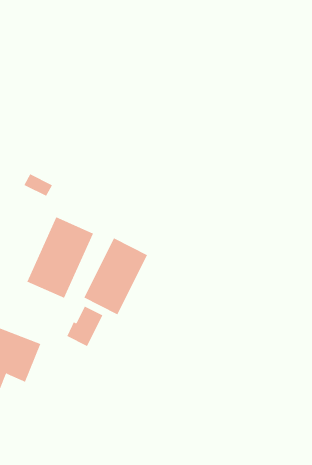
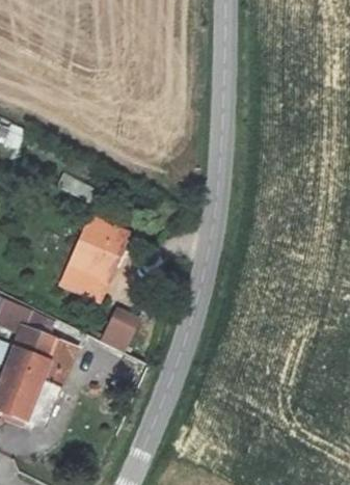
building: [84,238,148,315] -> none

